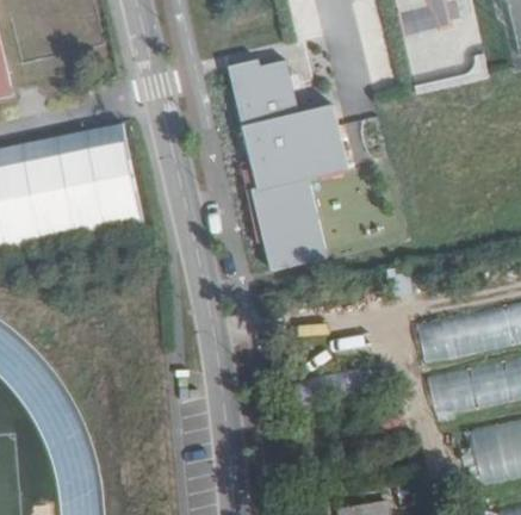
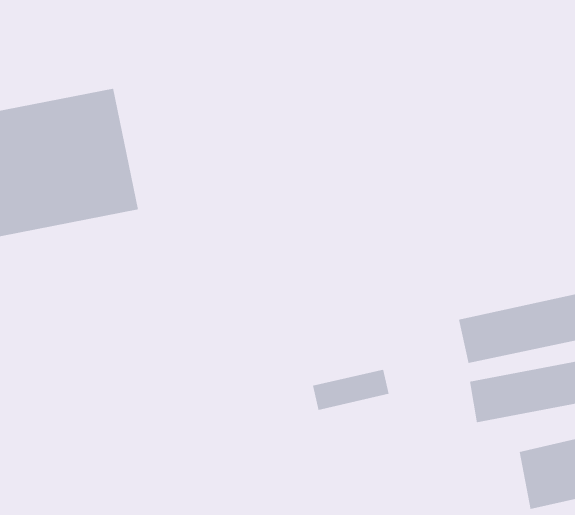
building: [227,57,347,271] -> none

